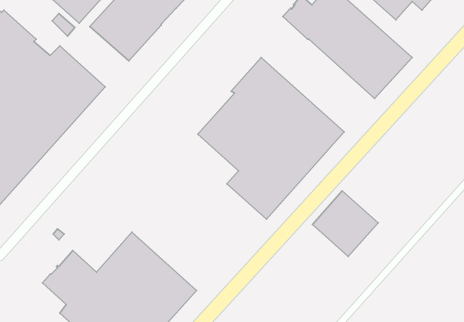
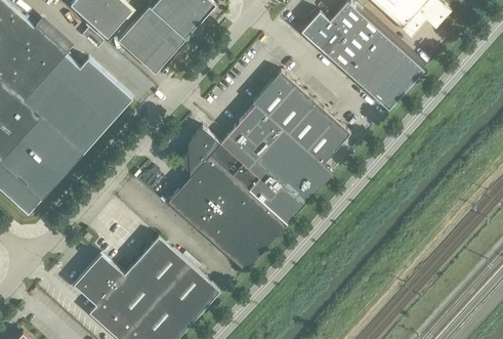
building: none -> [169,127,286,269]
building: [312,191,378,256] -> none

